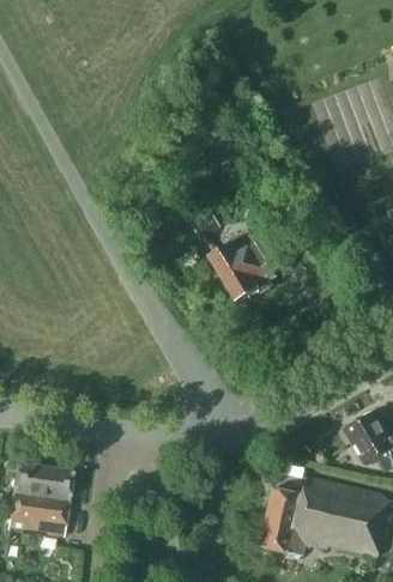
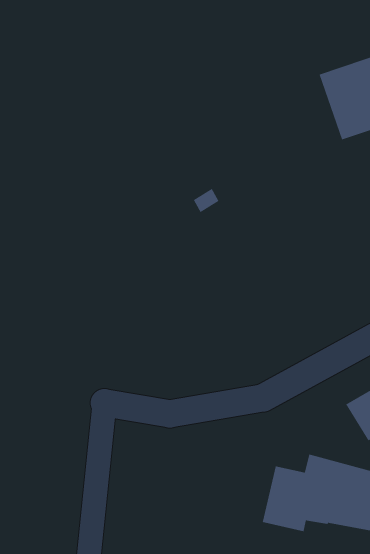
building: [210,228,277,301] -> none
building: [8,463,72,534] -> none

